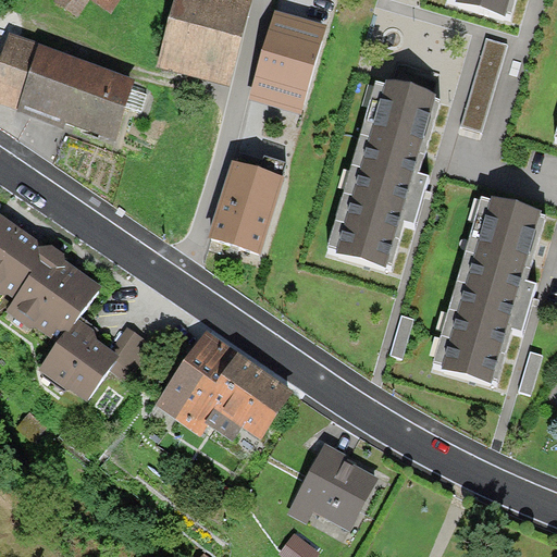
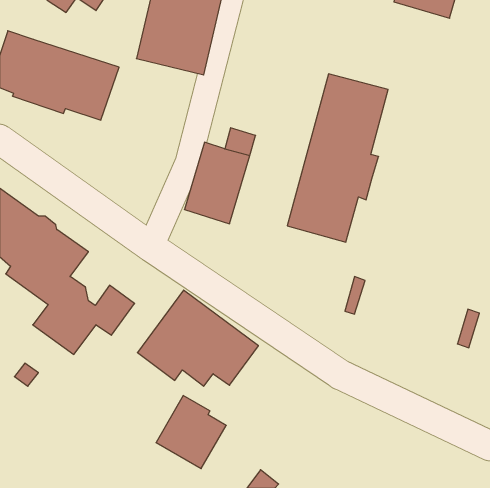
building: [249,11,324,112] -> none
building: [461,38,507,129] -> none
building: [429,198,540,388] -> none
building: [296,443,375,525] -> [156,396,226,469]

